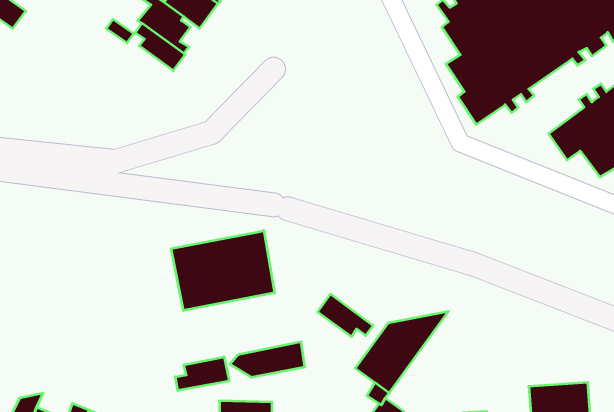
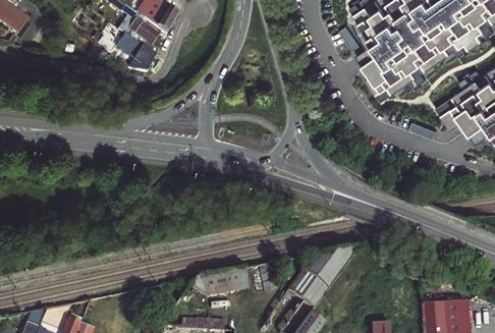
building: [171,230,275,311] -> none
building: [318,294,373,337] -> none
building: [175,357,229,391] -> none

